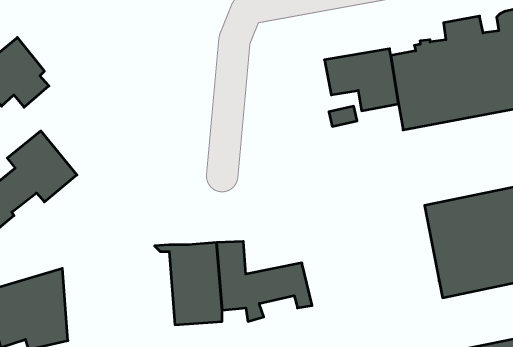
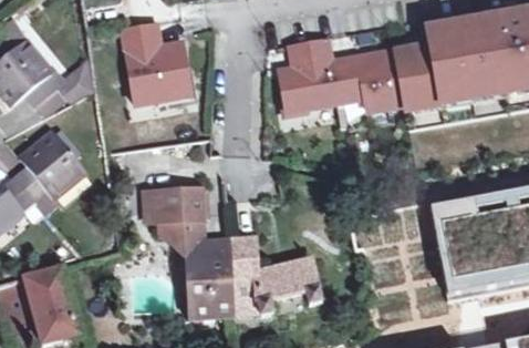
building: none -> [124,20,193,103]
building: none -> [281,35,340,109]
building: none -> [139,188,198,243]

